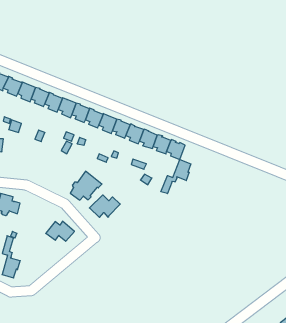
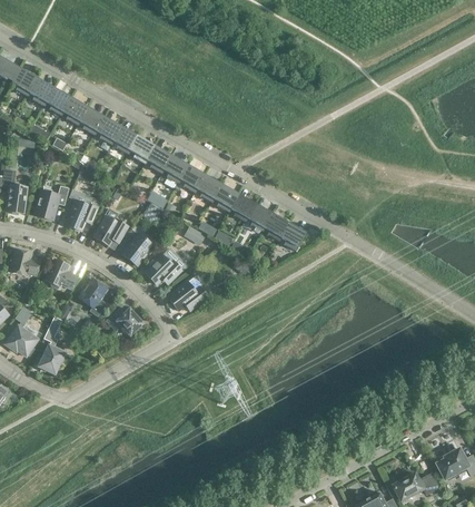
building: none -> [65,199,98,231]
building: none -> [93,215,128,245]
building: [161,160,191,194] -> none
building: none -> [121,232,152,265]
building: none -> [78,277,107,314]

